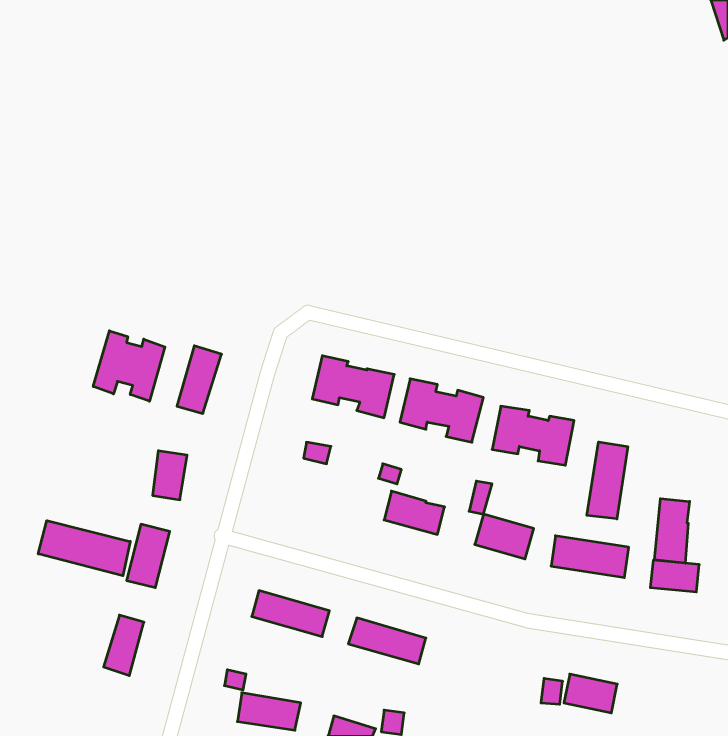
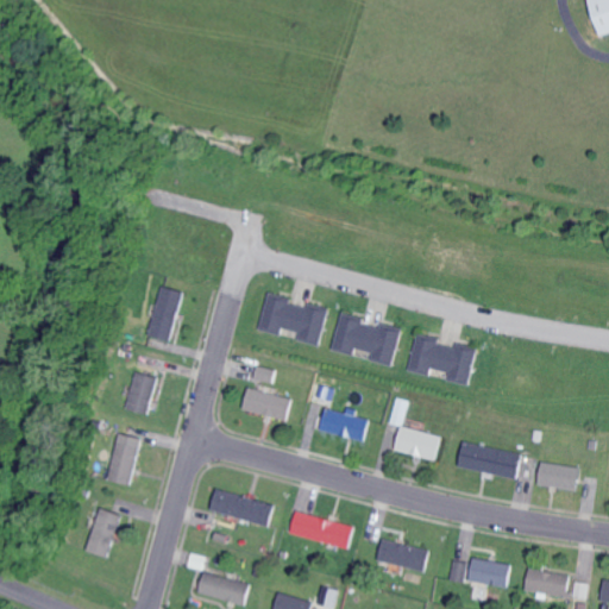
building: [93,331,165,401] -> none
building: [587,442,628,519] -> none
building: none -> [240,387,290,421]
building: [655,499,690,563] -> none
building: [38,521,130,576] -> none
building: none -> [375,539,427,572]
building: none -> [522,569,585,599]

